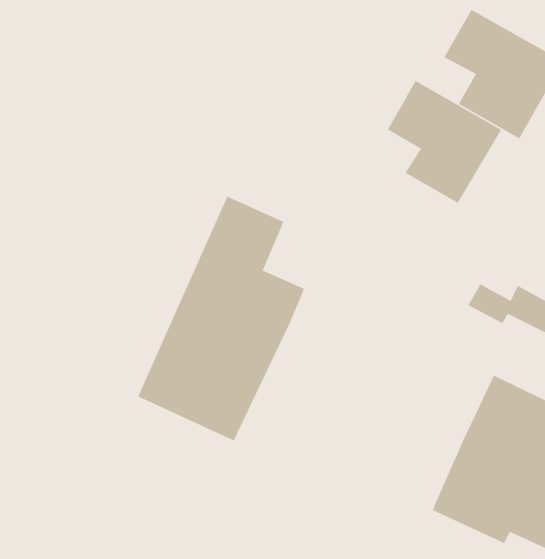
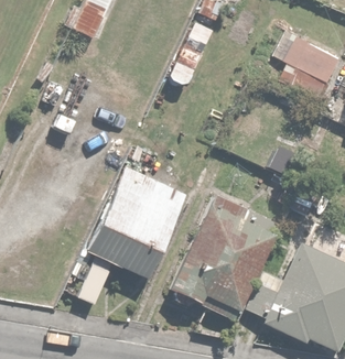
building: [387,80,502,204] -> none
building: none -> [170,204,283,322]

